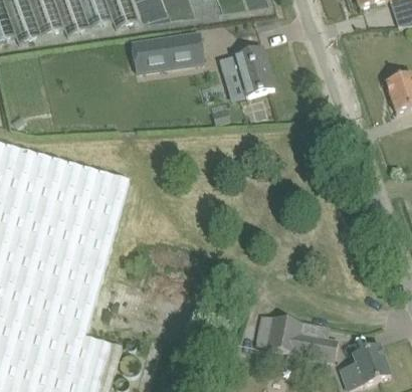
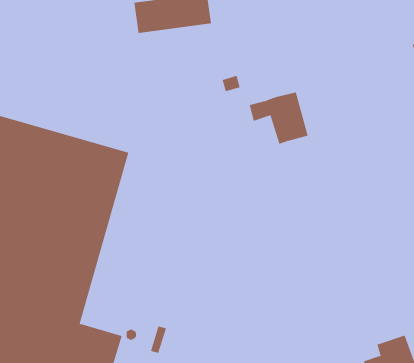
building: [219,47,273,95] -> [249,92,309,145]
building: [264,317,338,361] -> none

